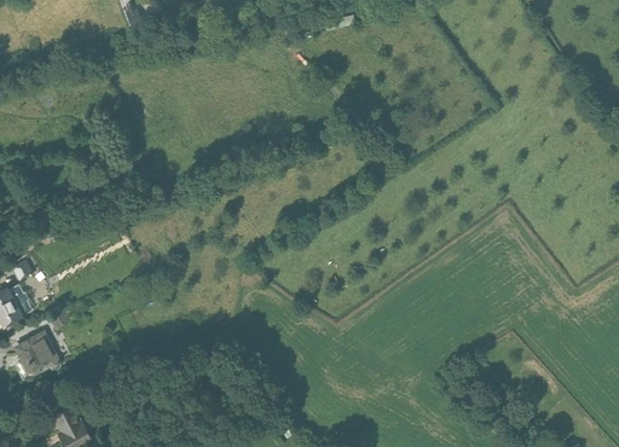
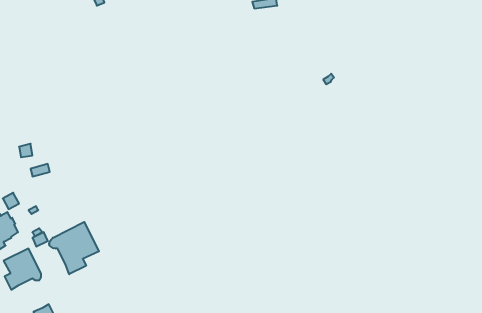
building: none -> [49,222,99,274]

